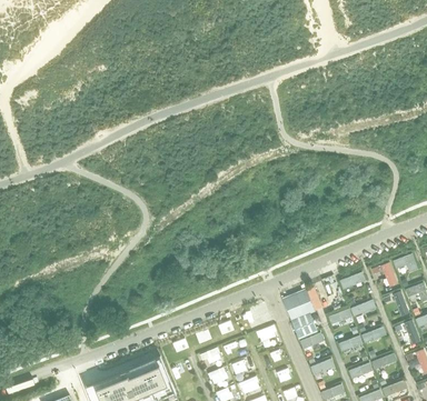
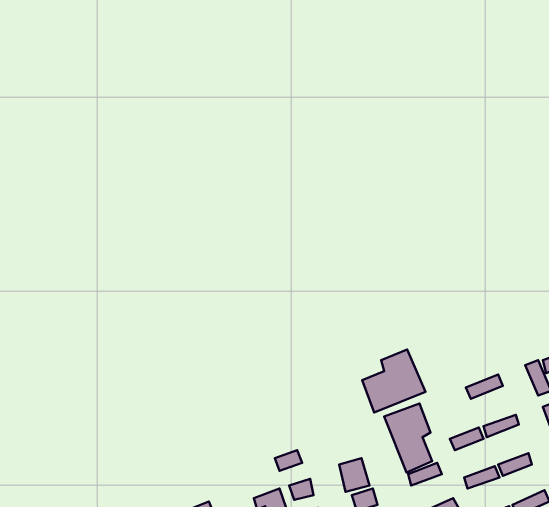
building: none -> [362,349,425,412]

